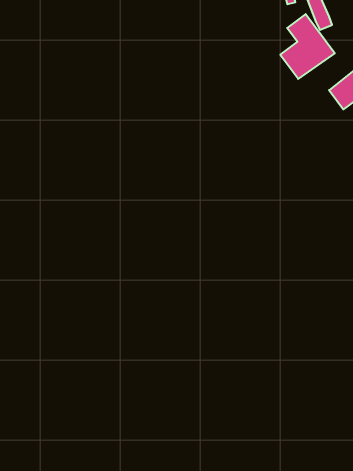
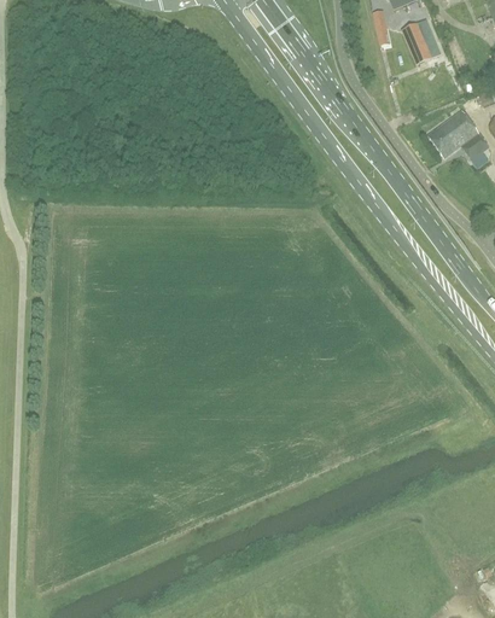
building: [280,14,335,79] -> none

